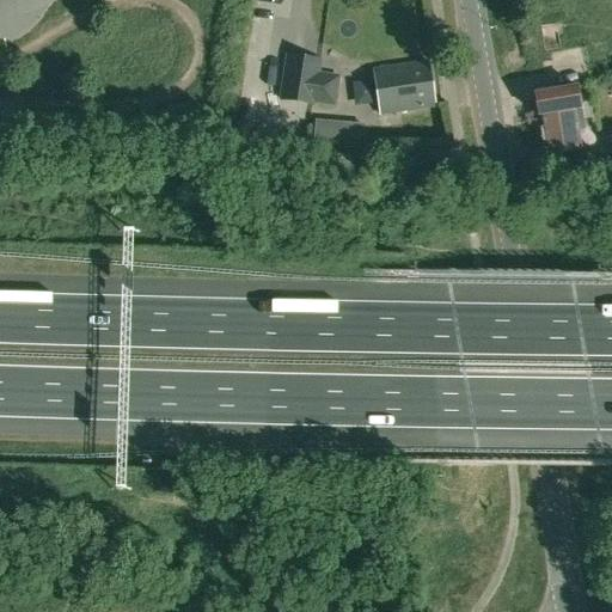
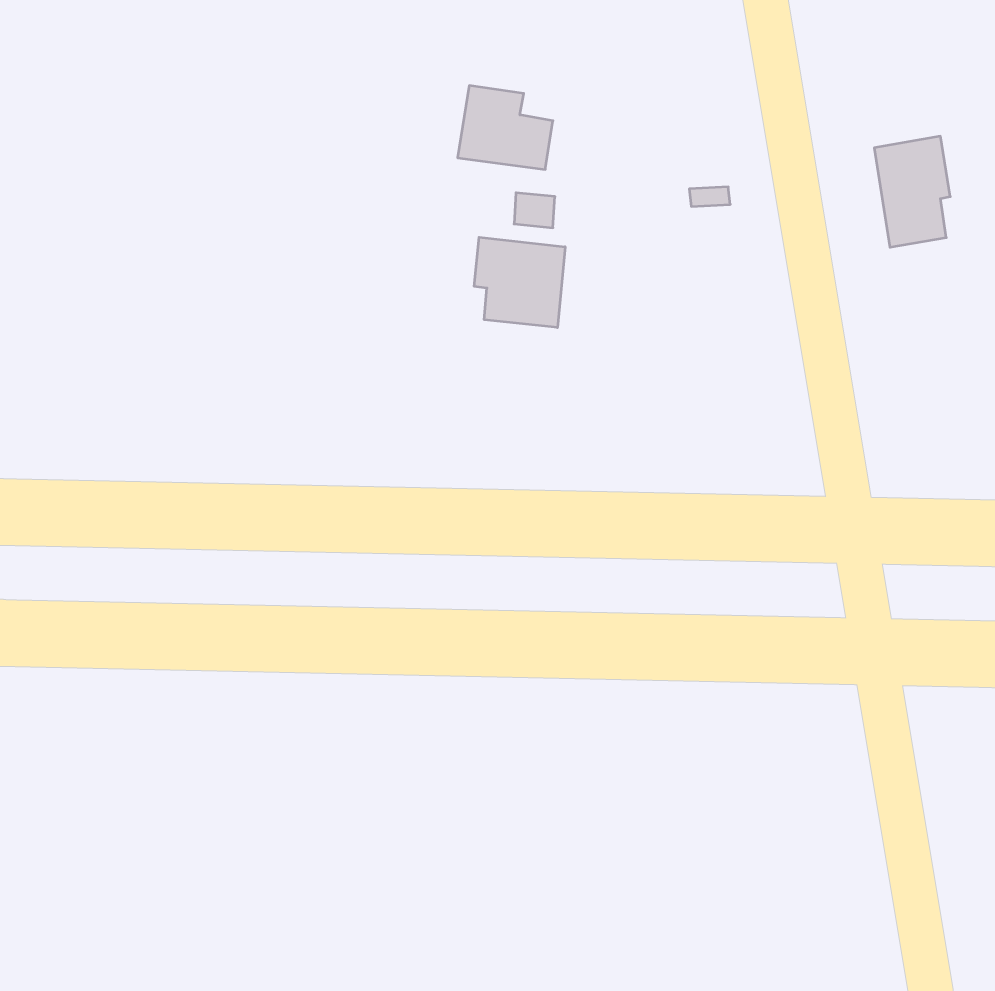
building: [374,59,435,112] -> none
building: none -> [474,237,565,328]

